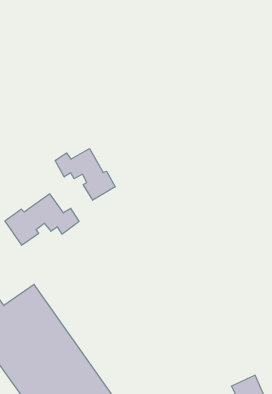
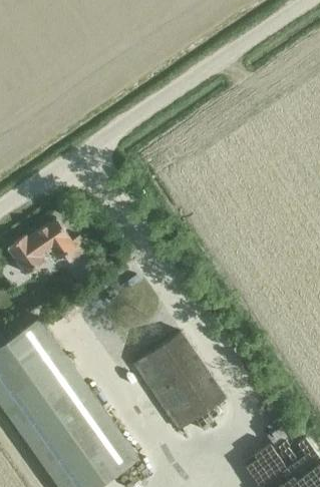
building: [55,149,115,200] -> none
building: none -> [133,333,227,431]

